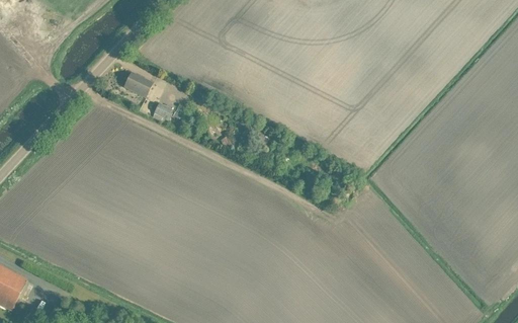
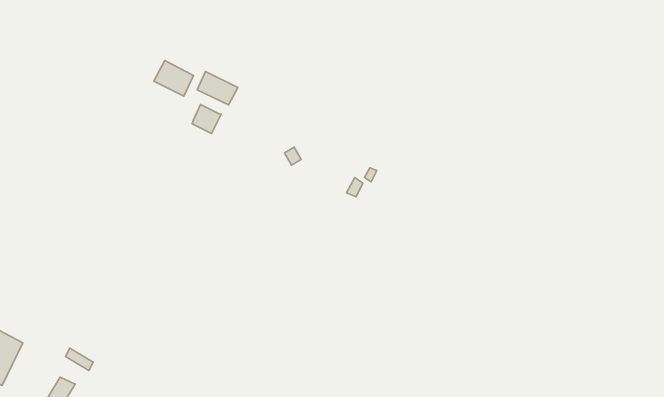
building: none -> [197,71,238,105]

